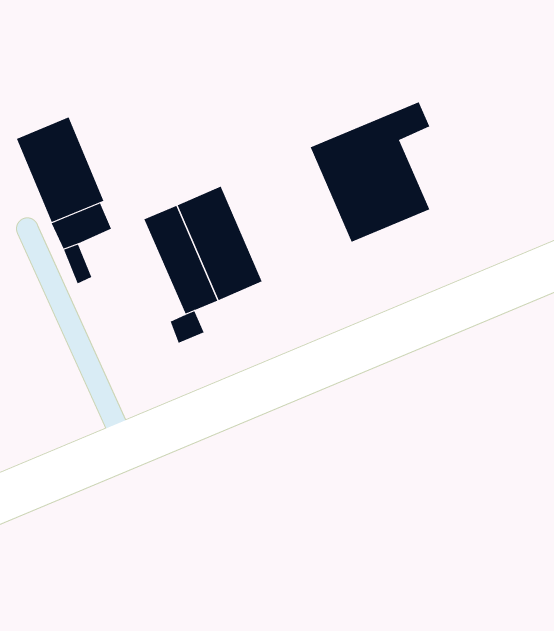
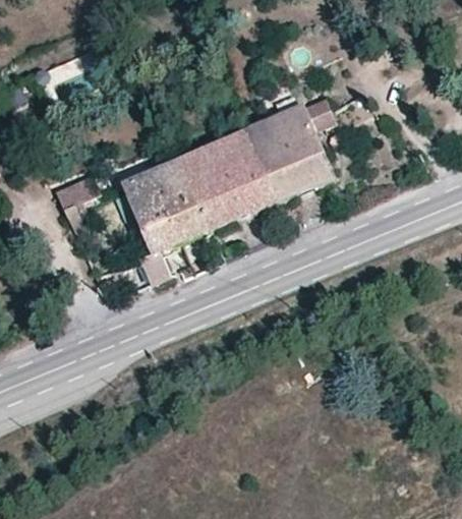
building: [16,117,104,223] -> none
building: none -> [178,130,274,229]

